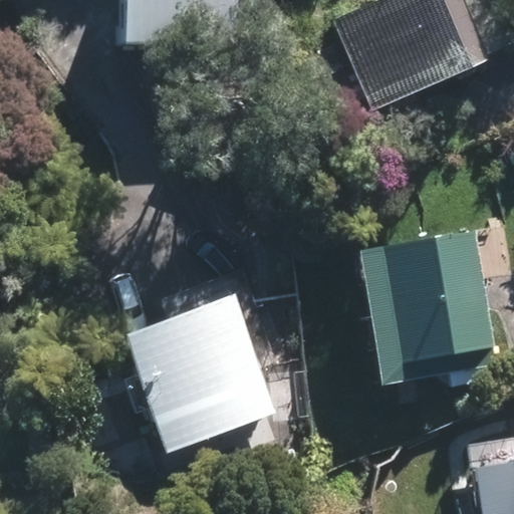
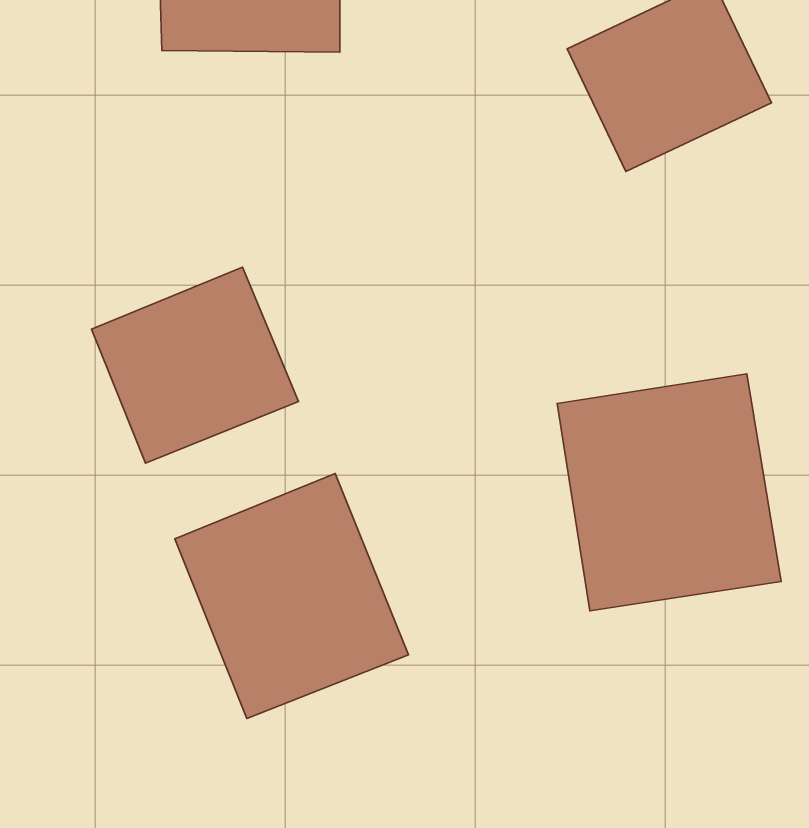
building: none -> [92,267,299,463]

